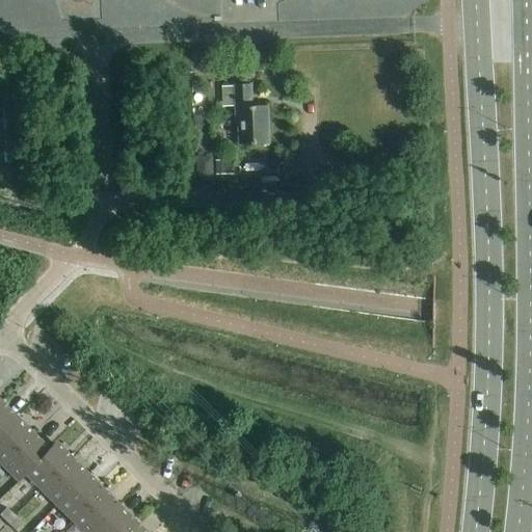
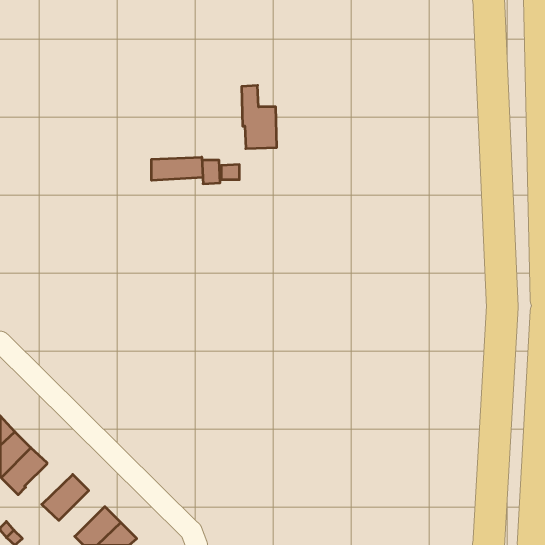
building: none -> [152,157,203,180]
building: [25,444,72,490] -> none
building: [58,477,103,522] -> none

